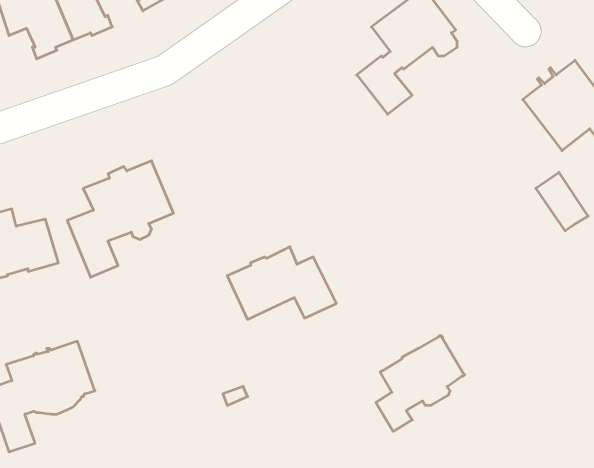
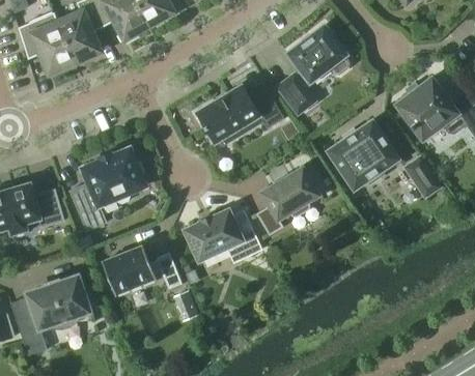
building: none -> [196,85,284,145]
building: none -> [328,119,398,189]
building: none -> [102,244,180,293]
building: [376,335,465,431] -> [256,166,319,234]

